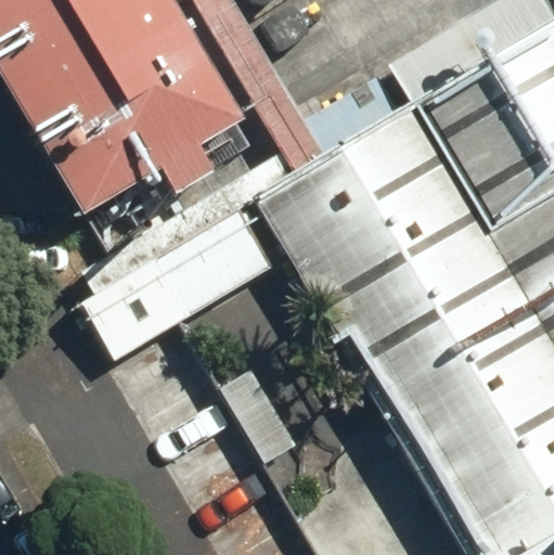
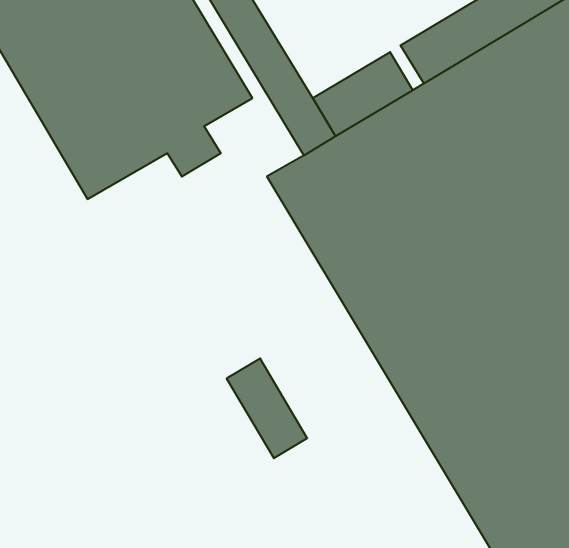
building: [80,211,271,361] -> none

